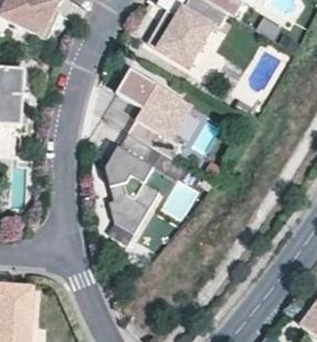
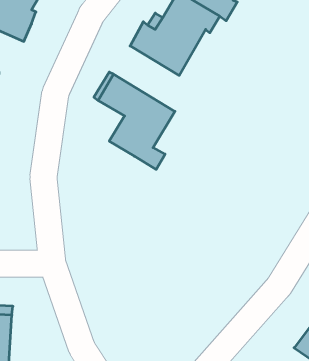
building: [105,132,158,233] -> none

